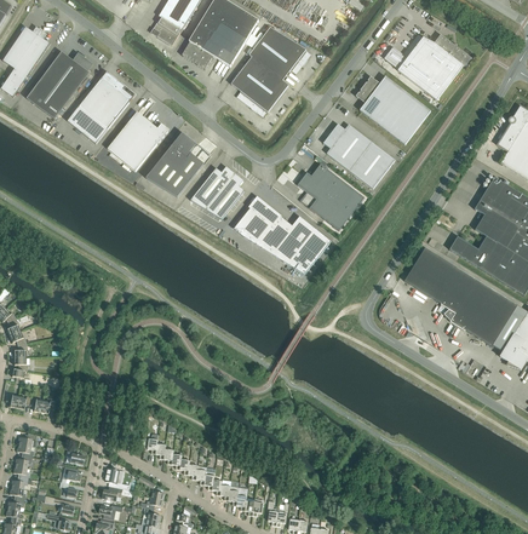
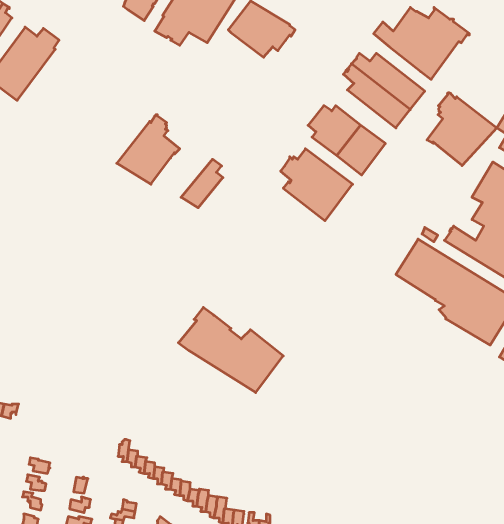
building: [231,56,288,116] -> none
building: [68,70,136,143] -> none
building: [108,111,170,170] -> none
building: none -> [427,93,497,166]
building: [190,166,235,208] -> none
building: [234,195,331,274] -> [178,307,283,393]

